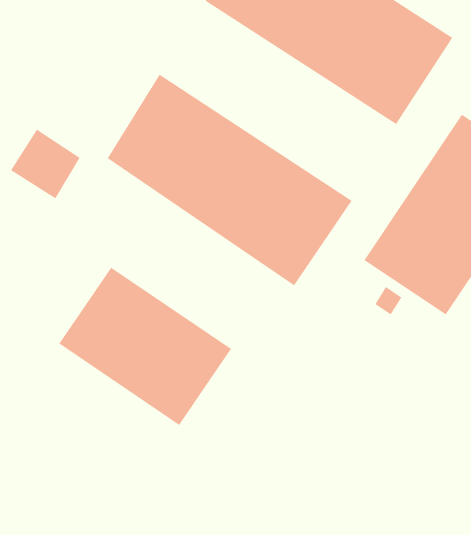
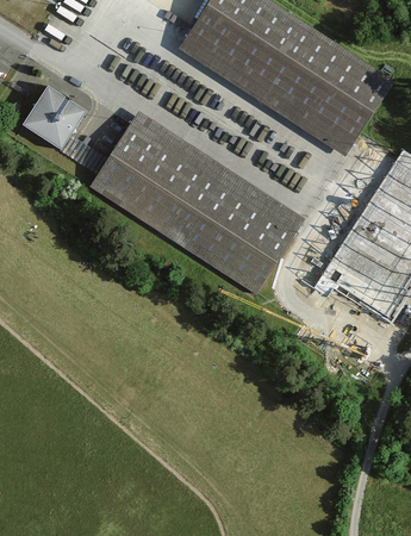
building: [10,129,81,199] -> [26,92,87,152]
building: [59,267,232,426] -> none

